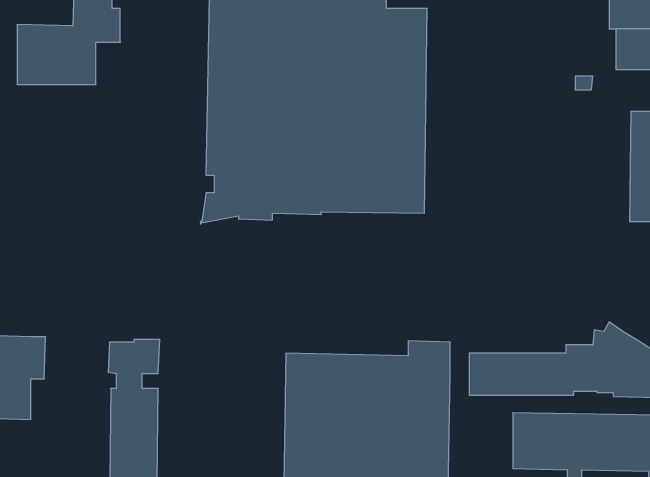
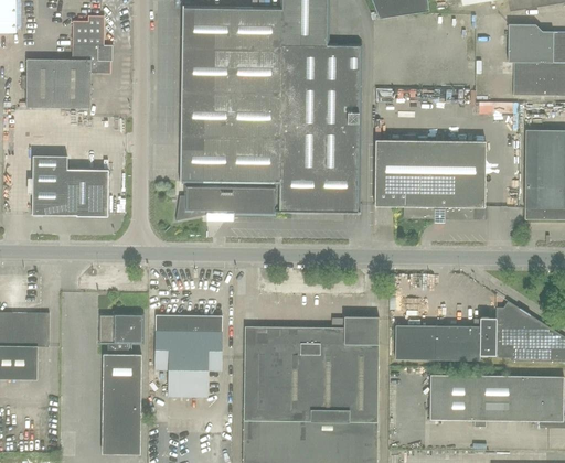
building: none -> [374,139,486,222]
building: none -> [32,155,108,216]
building: none -> [154,314,222,396]

